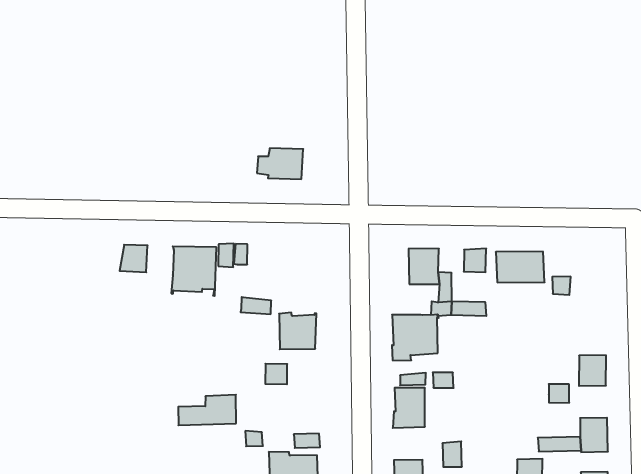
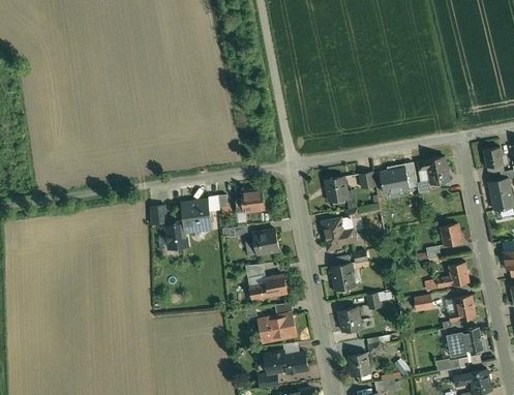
building: [257,148,303,179] -> [235,190,264,212]
building: none -> [417,157,449,184]
building: none -> [164,221,186,249]
building: [178,395,236,425] -> [249,275,286,300]

